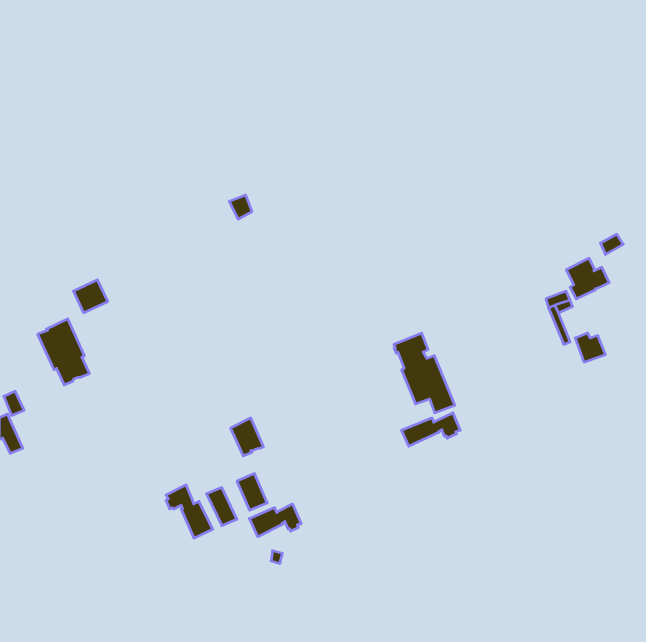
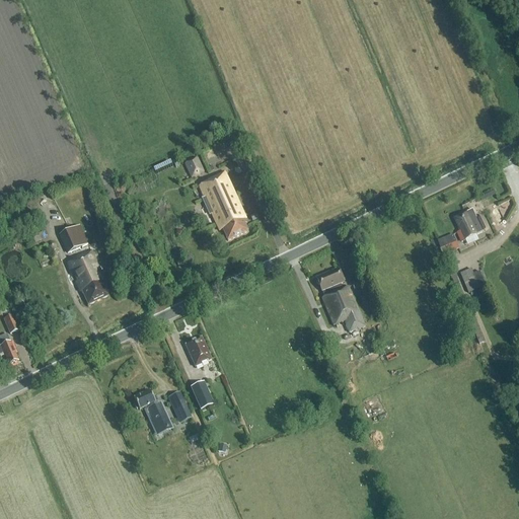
building: none -> [198,170,247,238]
building: [38,319,89,385] -> [66,249,107,302]
building: [402,413,460,446] -> none
building: [249,504,301,537] -> none

